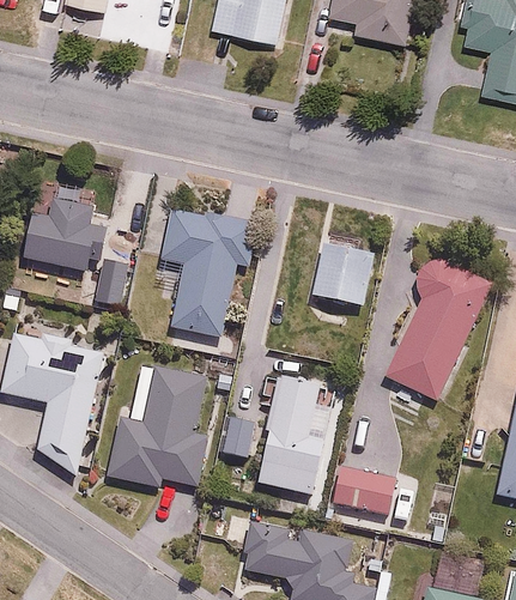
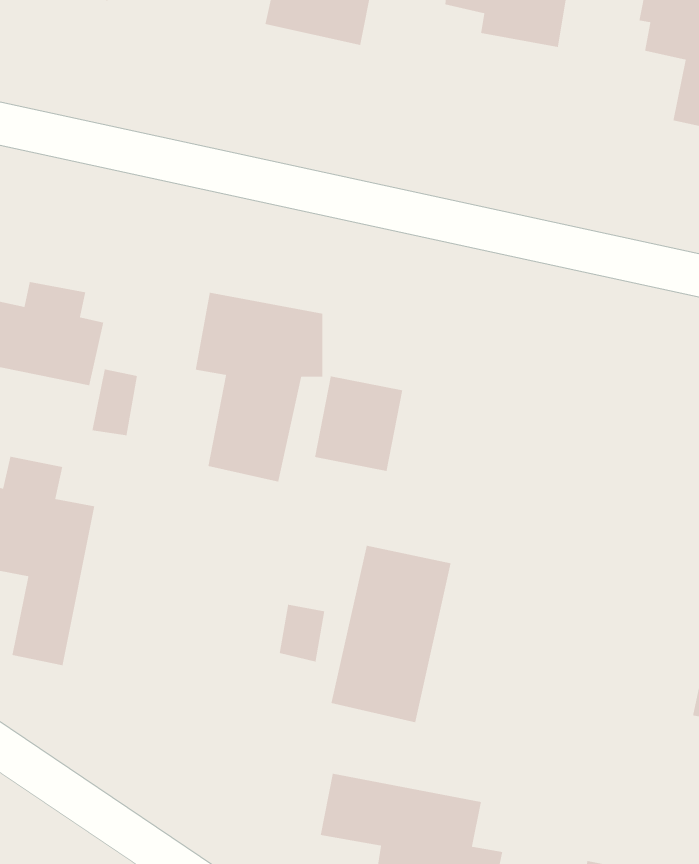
building: [312,241,372,305] -> [314,375,403,472]
building: [383,257,490,404] -> none
building: [103,363,204,489] -> none
building: [330,463,396,515] -> none

